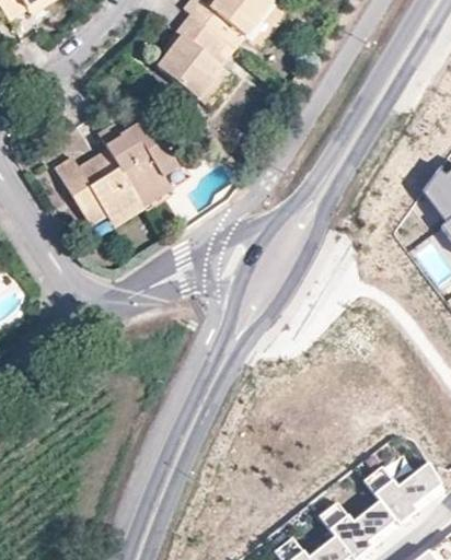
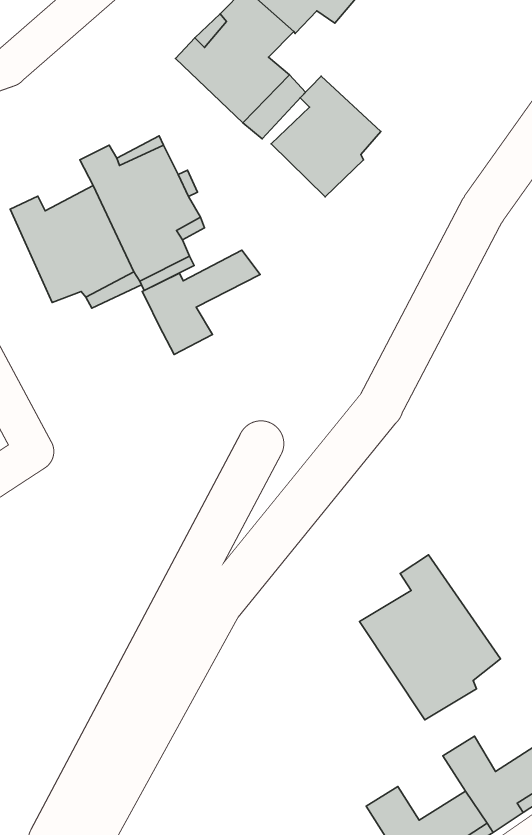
building: none -> [271,76,381,197]
building: none -> [142,250,260,355]
building: none -> [360,555,500,720]

